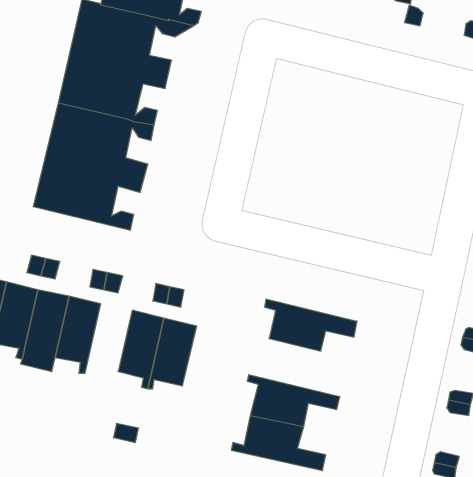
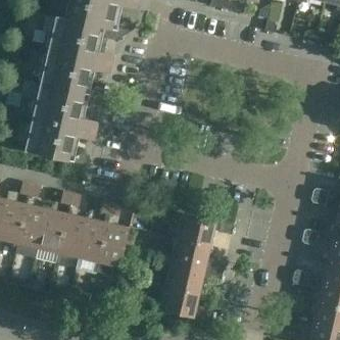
building: none -> [57,213,88,259]
building: none -> [163,236,225,274]

